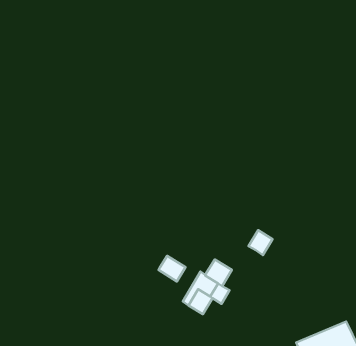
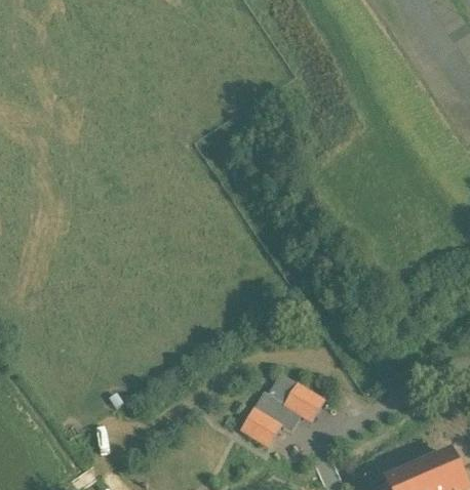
building: [248,230,273,255] -> [292,389,323,420]
building: [159,256,185,281] -> none

